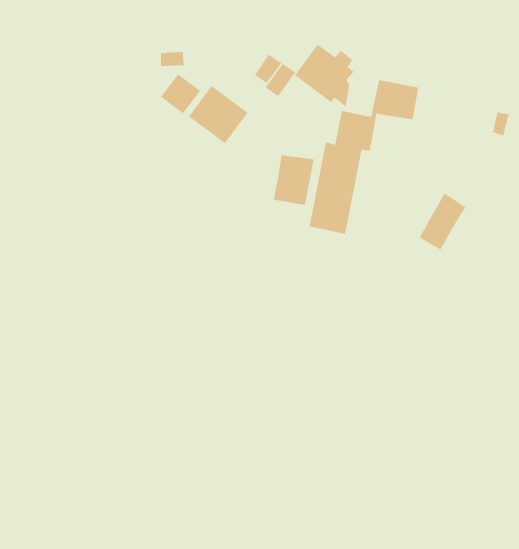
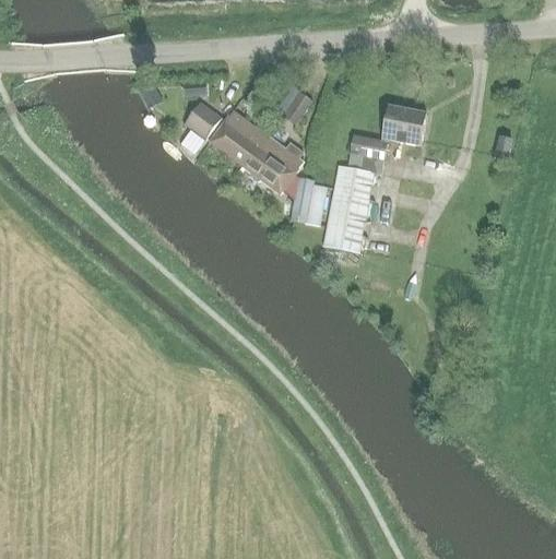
building: [294,44,354,108] -> [245,138,301,198]
building: [419,193,466,251] -> none

